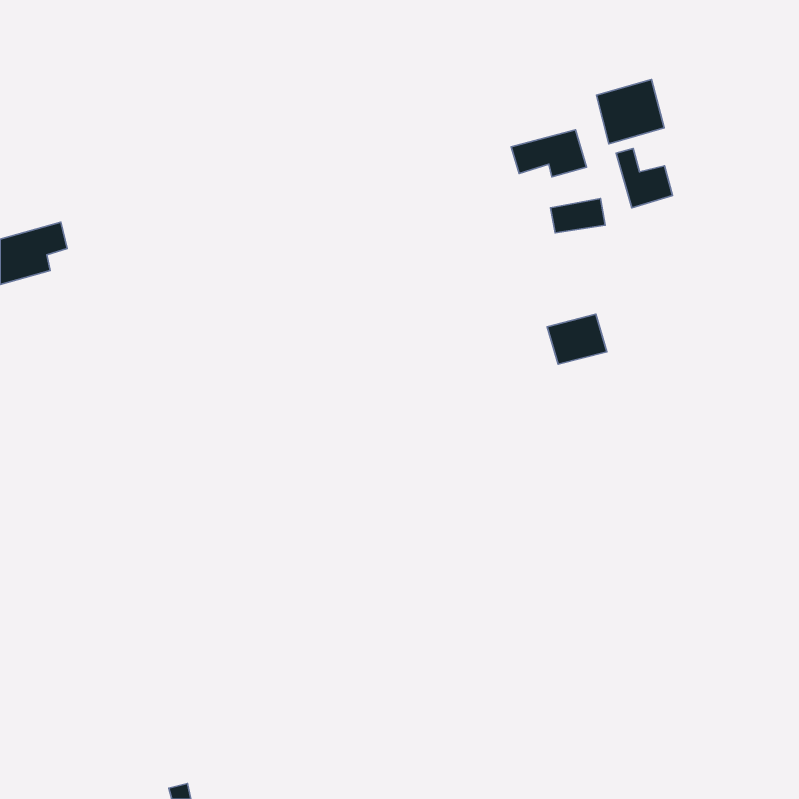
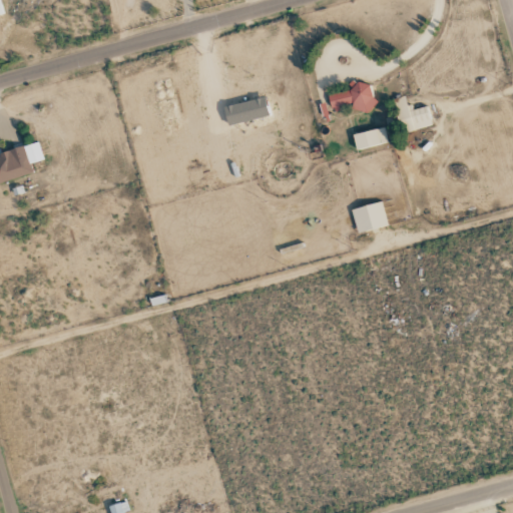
building: [596,79,664,144] -> none
building: none -> [223,96,270,125]

